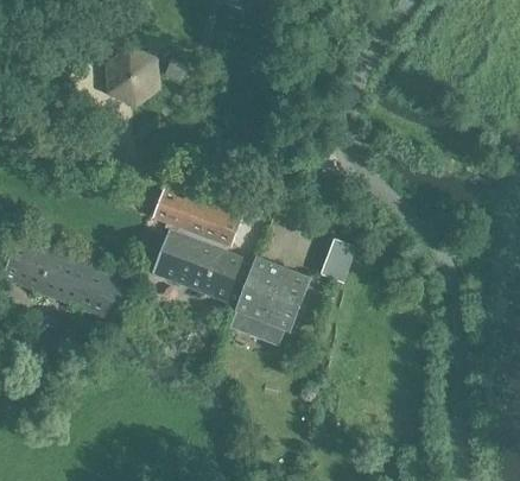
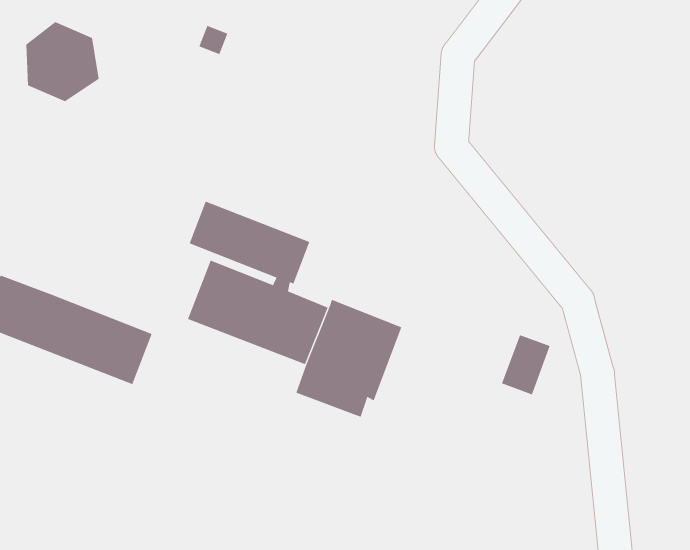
building: [106,46,159,105] -> [26,21,99,102]
building: [321,239,356,283] -> [501,334,551,395]

